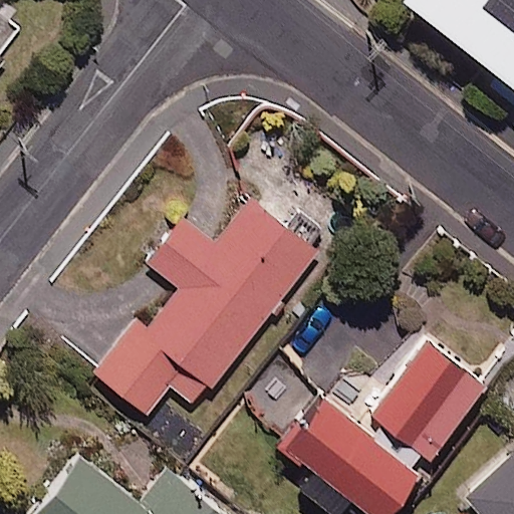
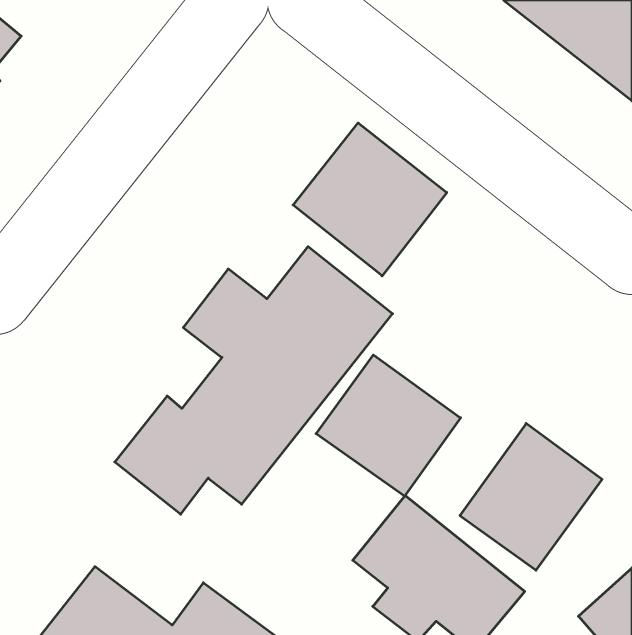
building: none -> [293,123,447,276]
building: none -> [316,355,461,496]

